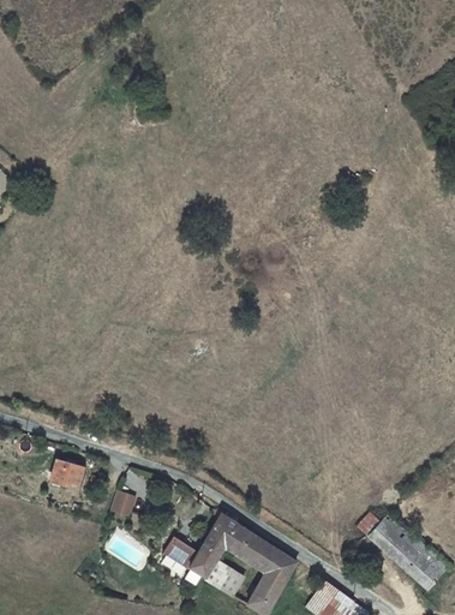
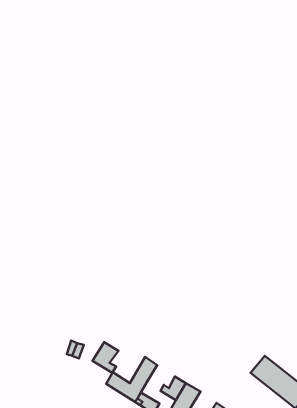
building: [49,455,83,484] -> none
building: none -> [93,342,118,373]
building: [221,524,261,560] -> none

